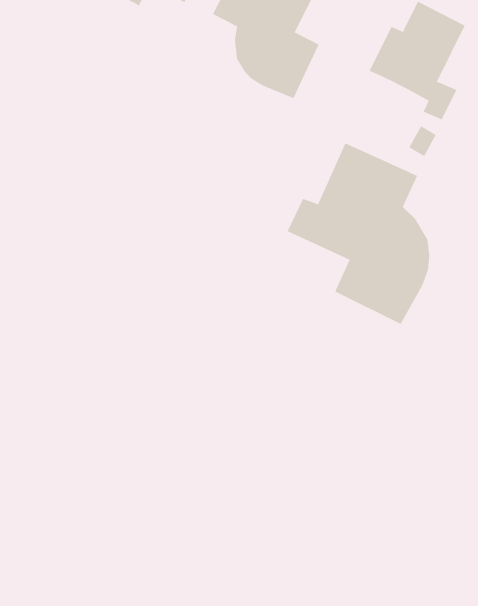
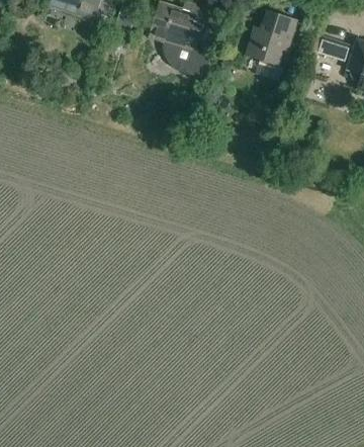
building: [287,142,430,325] -> none

